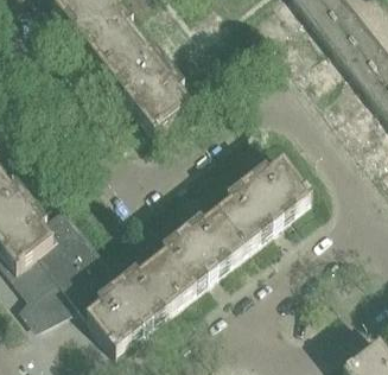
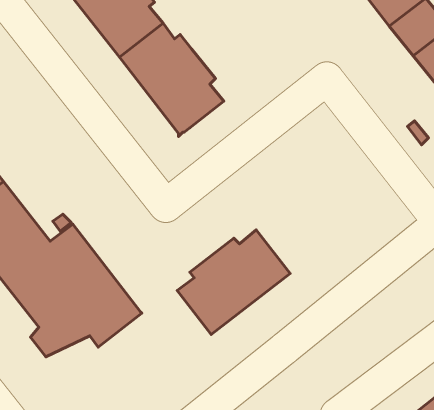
building: [217,161,311,250] -> none
building: [83,265,179,354] -> none

